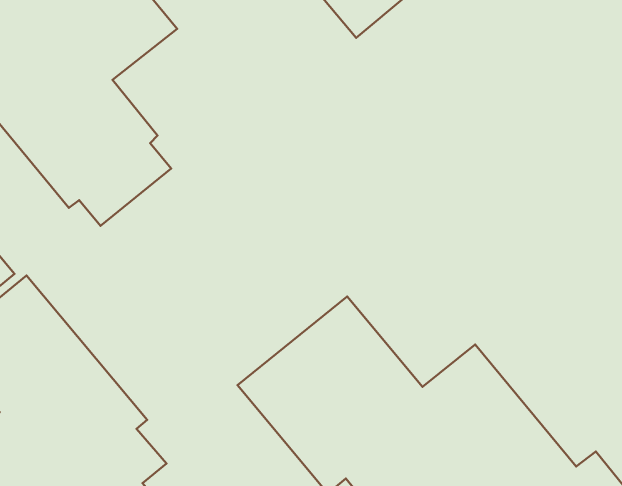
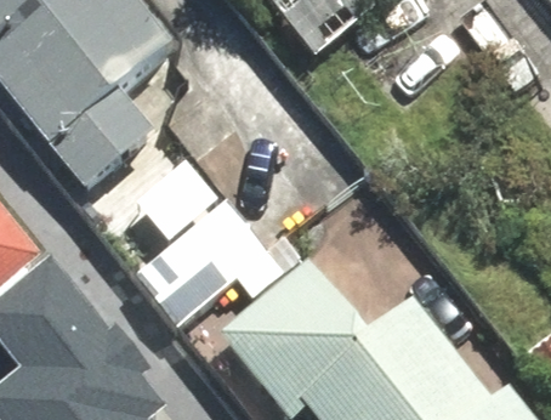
building: none -> [141,202,285,323]

